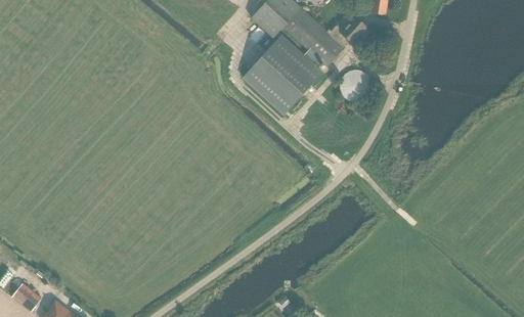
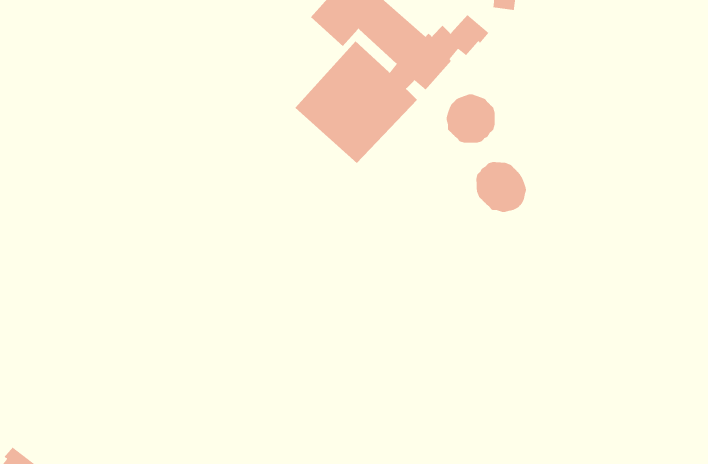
building: none -> [475,161,527,213]

